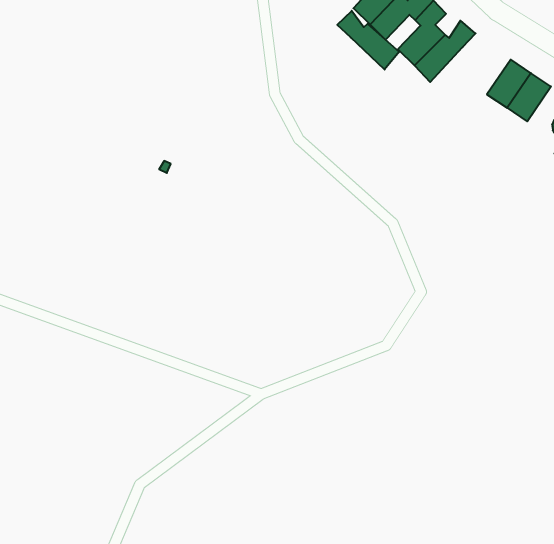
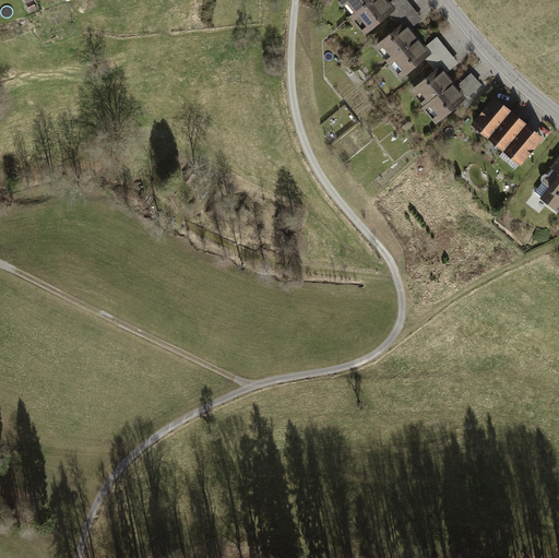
building: [337,11,399,70] -> none
building: none -> [469,96,511,139]

